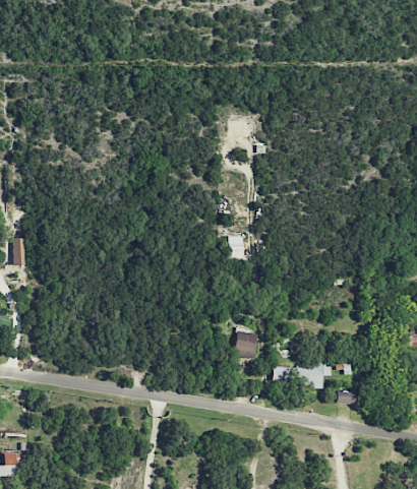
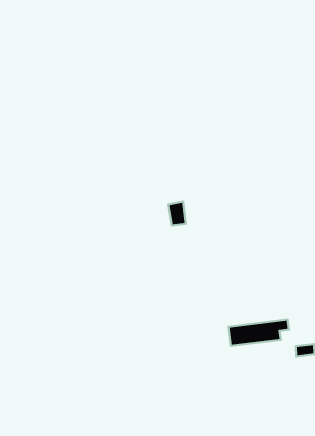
building: [234,331,257,358] -> none

